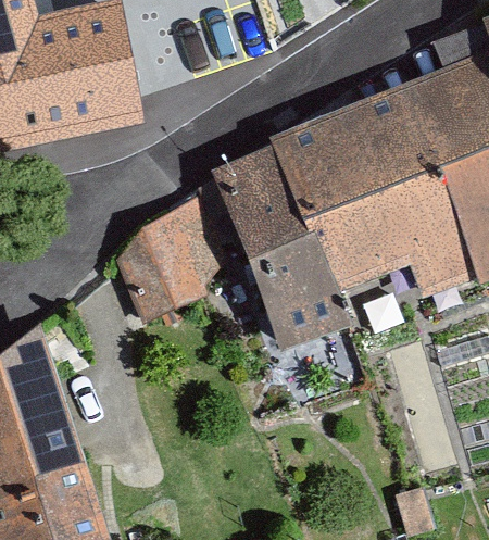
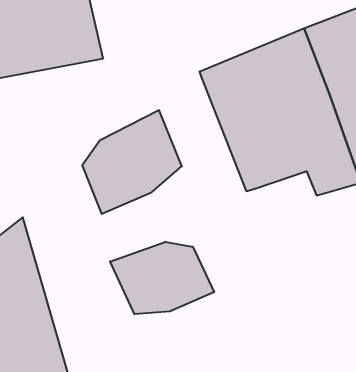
building: [212,145,344,349] -> none
building: none -> [110,242,214,314]

